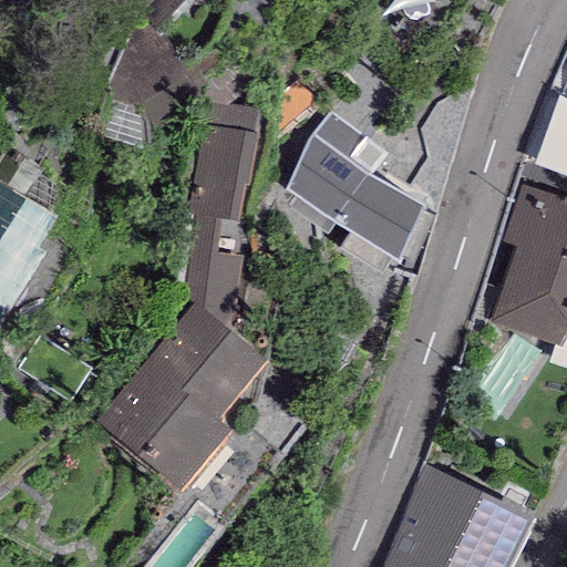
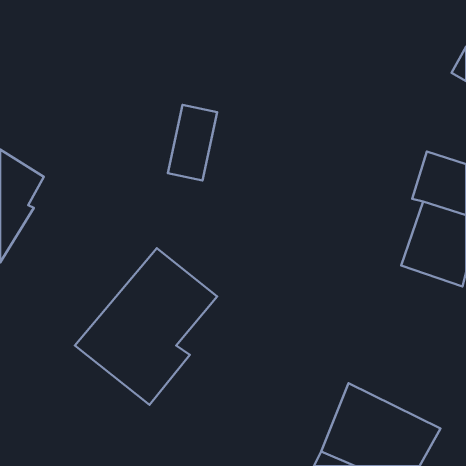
building: [310,110,435,274] -> none

